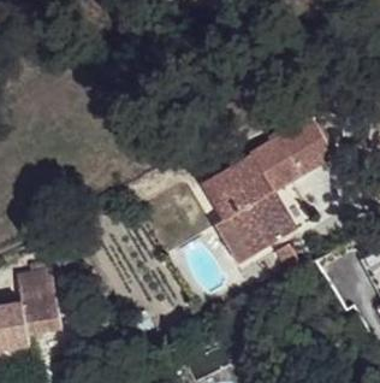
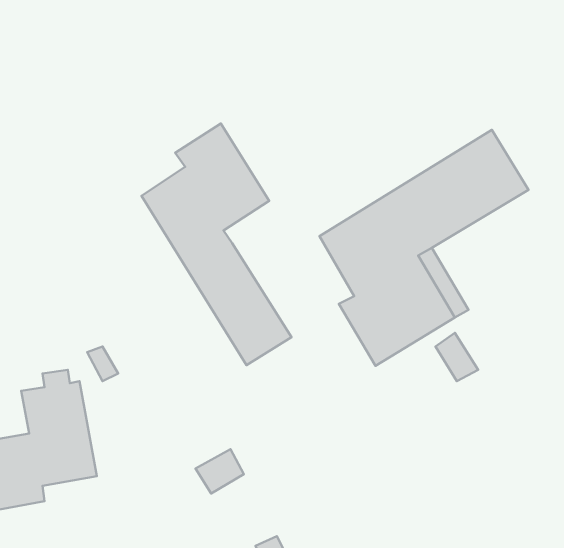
building: none -> [142,123,291,365]

